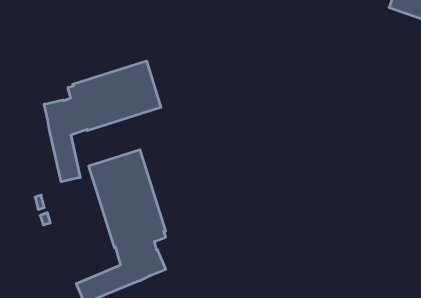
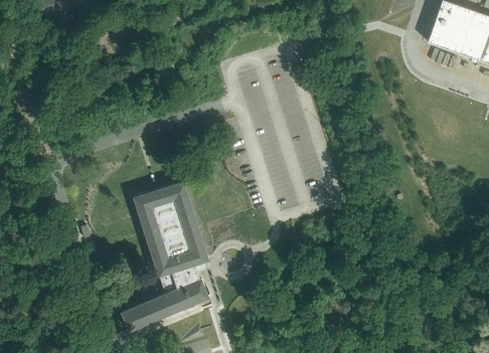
building: [44,61,161,182] -> none

